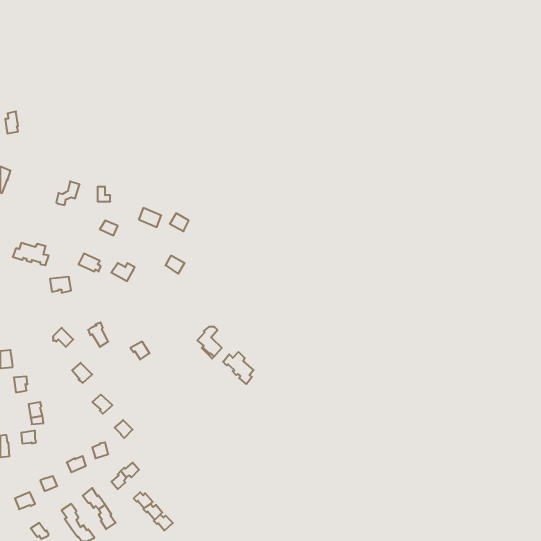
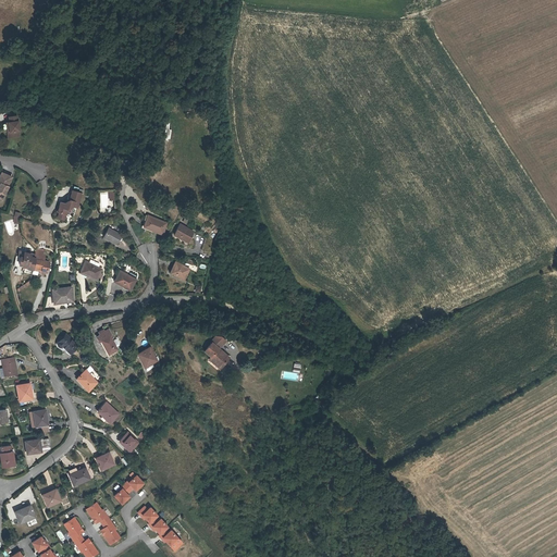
building: [223,352,254,384] -> none

